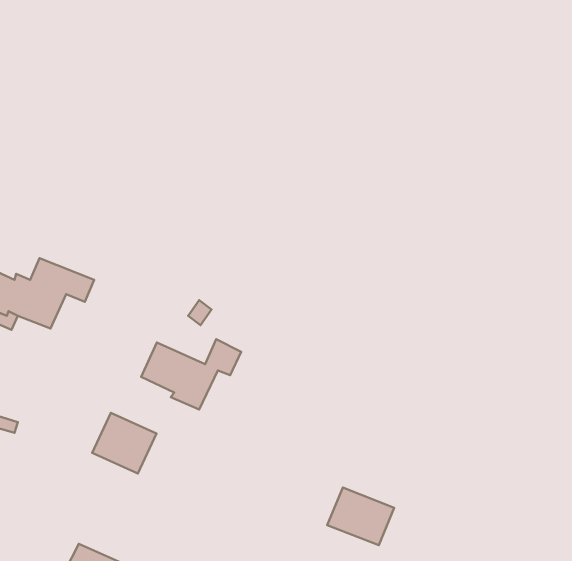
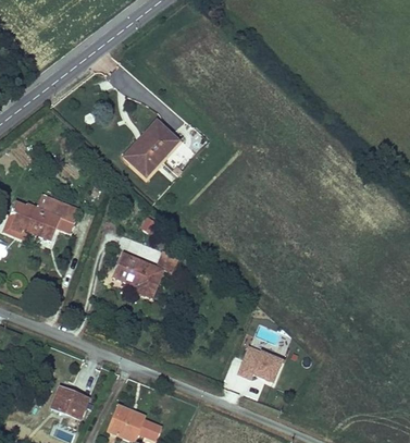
building: none -> [120,118,172,172]
building: [92,413,156,473] -> none

